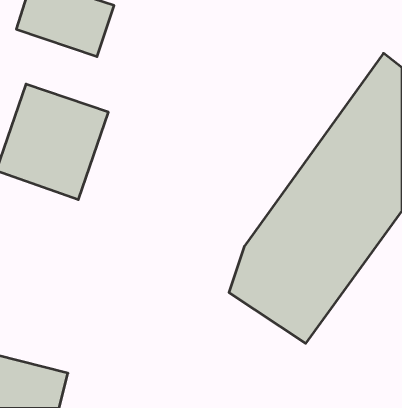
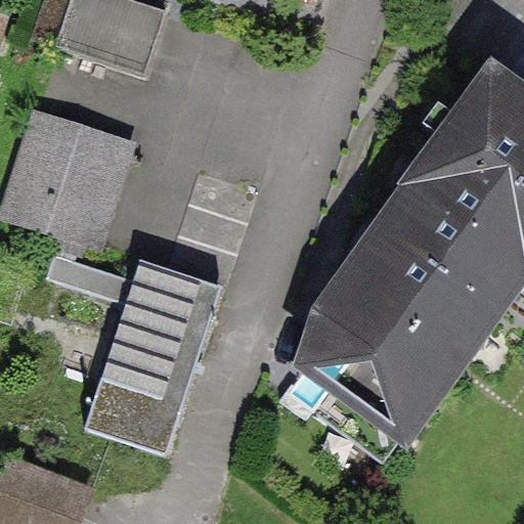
building: none -> [97,260,232,452]

